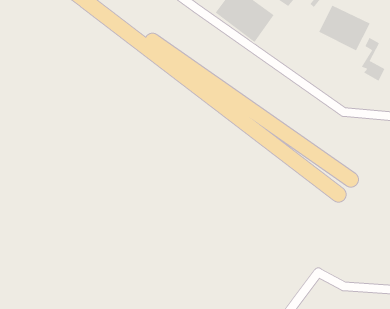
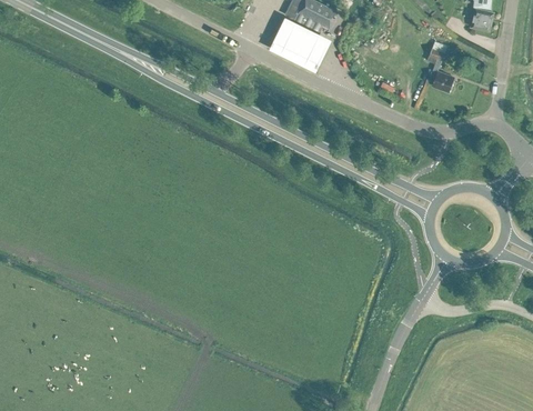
building: [318,5,371,51] -> none

